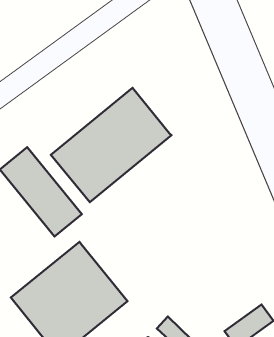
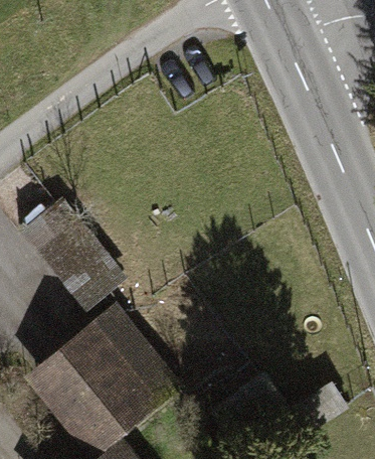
building: [51,88,171,202] -> none

